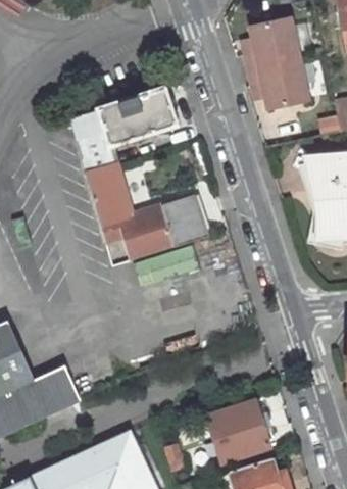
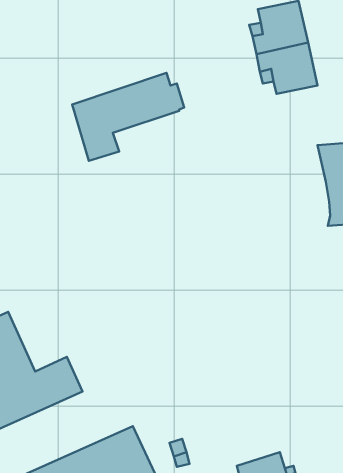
building: [87,164,210,260] -> none
building: [208,400,271,461] -> none

